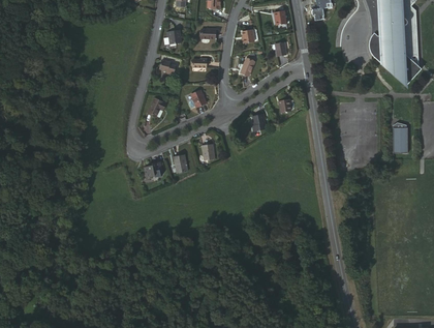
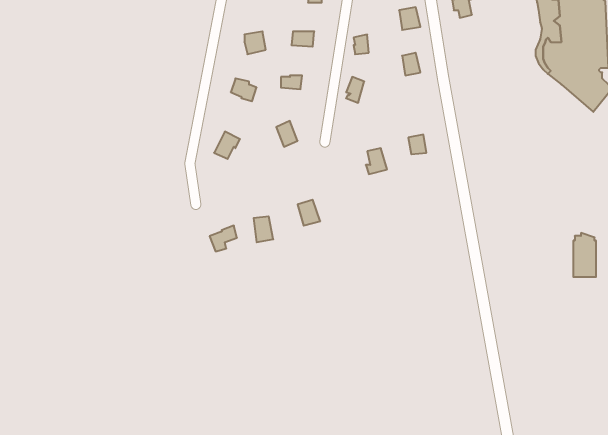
building: [392,120,407,150] -> [573,233,596,277]

